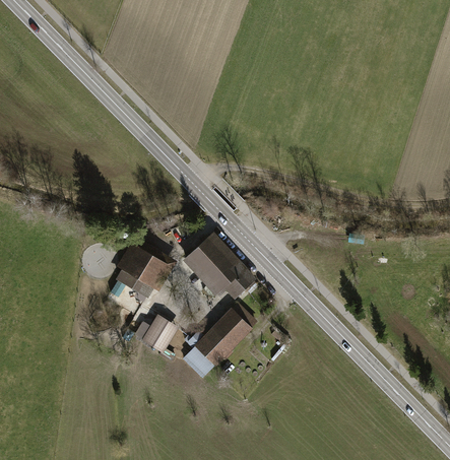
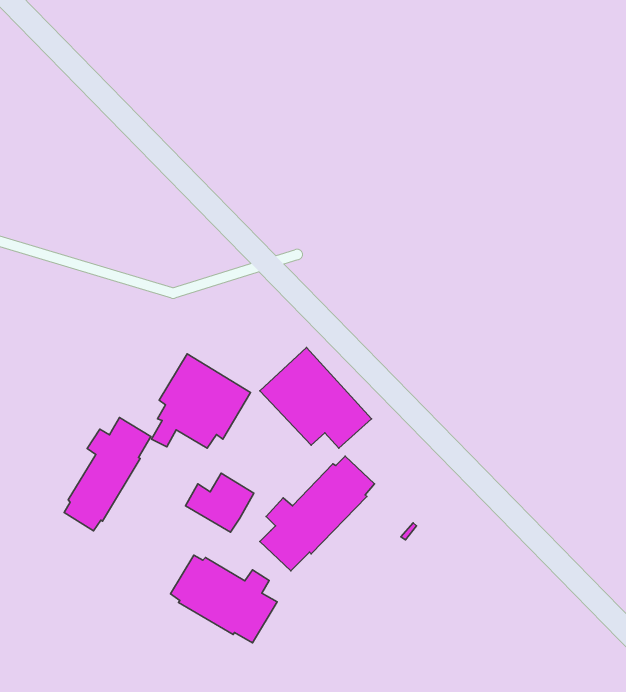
building: none -> [64,417,151,531]
building: none -> [170,555,277,643]

